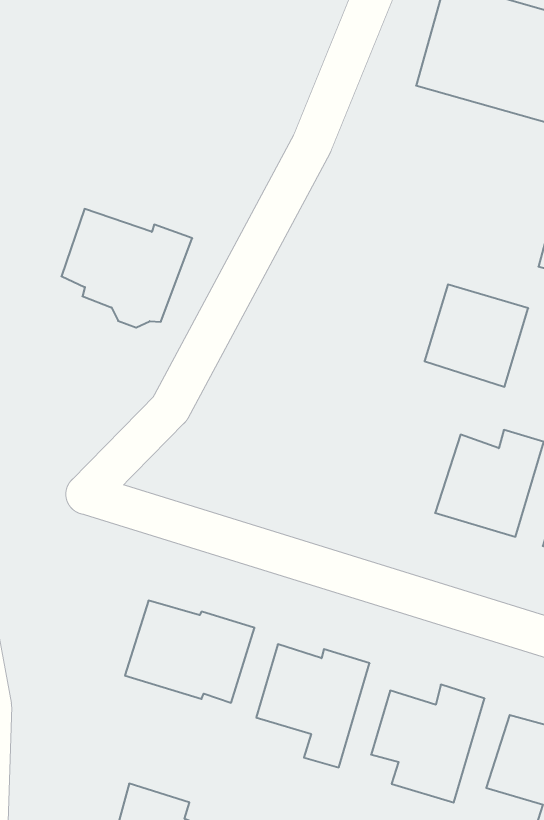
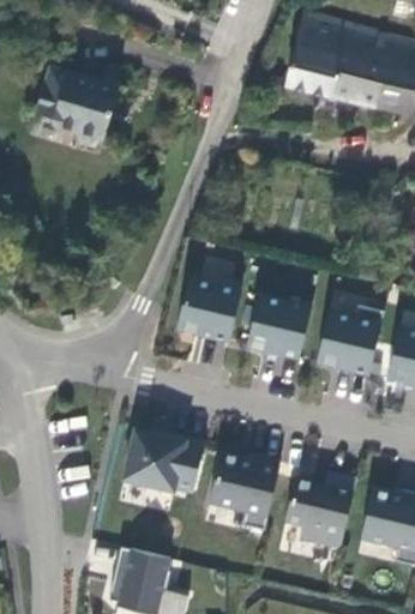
building: [61,209,192,328] -> [38,70,121,144]
building: [424,284,528,387] -> [247,295,312,359]
building: none -> [178,278,241,342]

